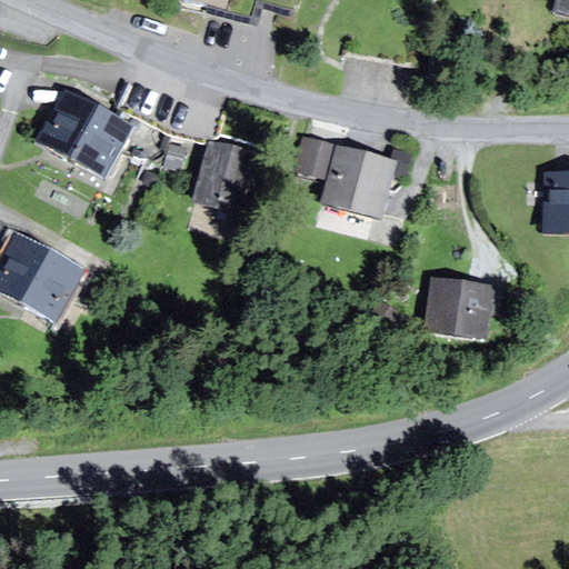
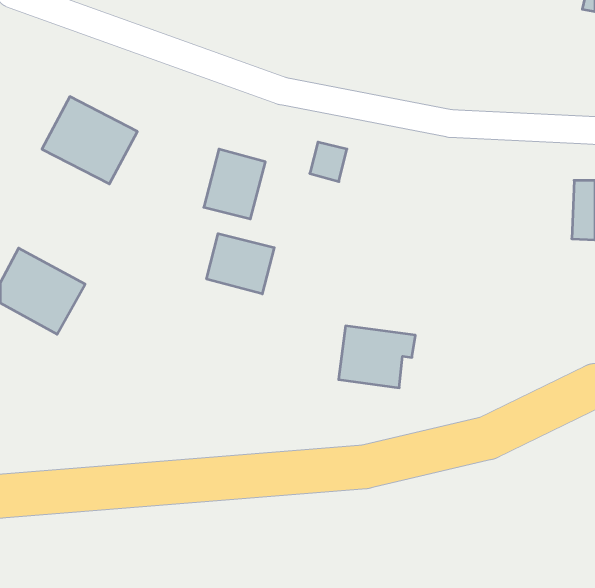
building: [326,147,392,216] -> none
building: none -> [207,234,274,294]
building: [427,278,500,337] -> [339,326,415,388]

